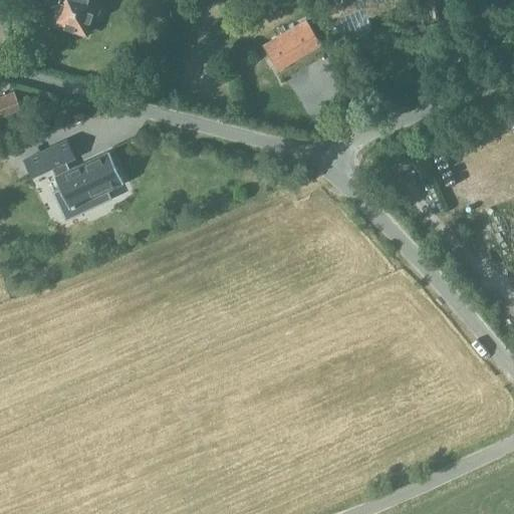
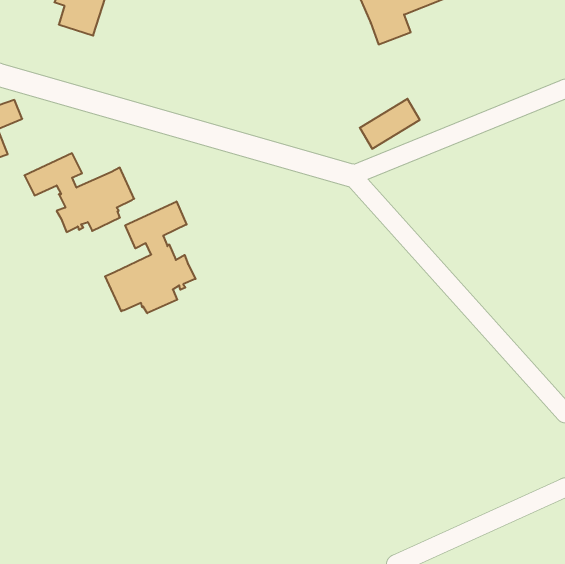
building: [265,25,319,70] -> [360,99,420,149]
building: none -> [105,201,196,313]

